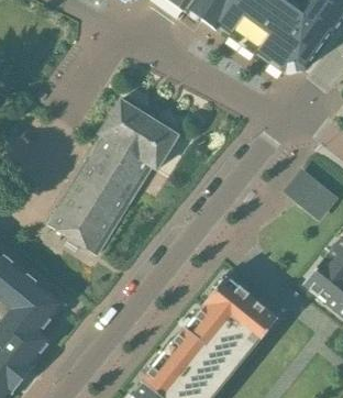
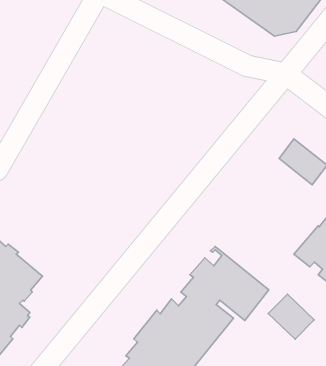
building: [48,97,178,253] -> none
building: none -> [268,294,314,339]

